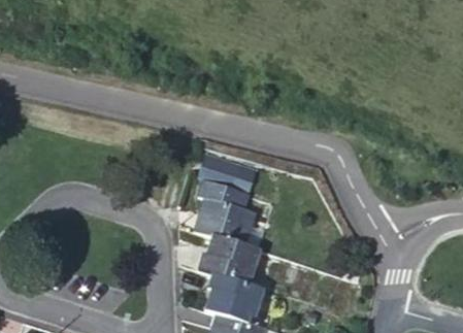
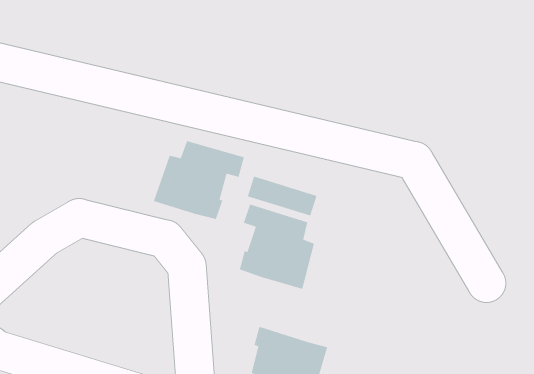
building: none -> [153,140,245,220]
building: [198,238,261,288] -> none

